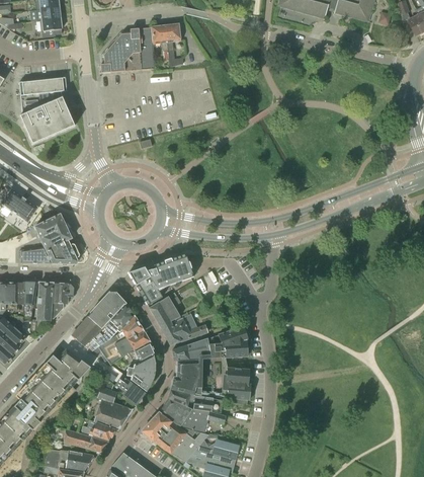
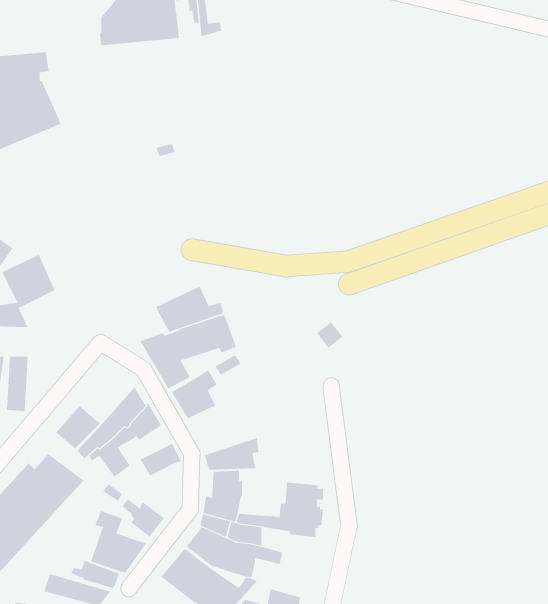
building: [47,240,80,262] -> none
building: [53,283,74,317] -> none
building: [87,291,124,327] -> none
building: [160,313,206,344] -> [155,286,224,333]
building: [207,326,248,356] -> none
building: [113,329,150,356] -> none
building: [126,354,155,391] -> none

